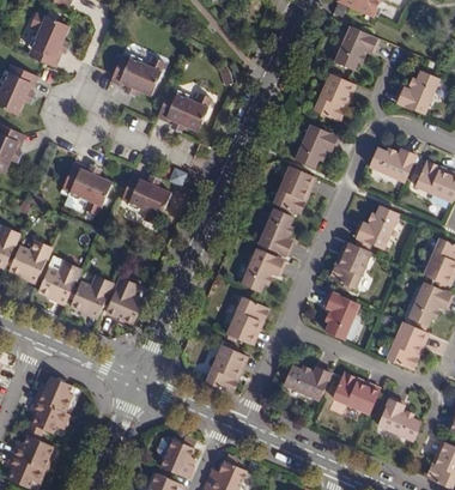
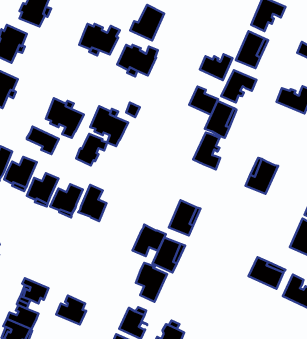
building: none -> [130,5,164,40]
building: none -> [200,54,233,80]
building: none -> [189,86,218,115]
building: none -> [27,126,59,154]
building: [353,204,399,249] -> none
building: none -> [76,134,107,165]
building: [241,247,285,290] -> none
building: [323,290,359,339] -> none
building: none -> [133,225,166,256]
building: [281,362,332,398] -> none
building: [35,374,74,412] -> [56,295,86,324]
building: none -> [136,263,167,302]

